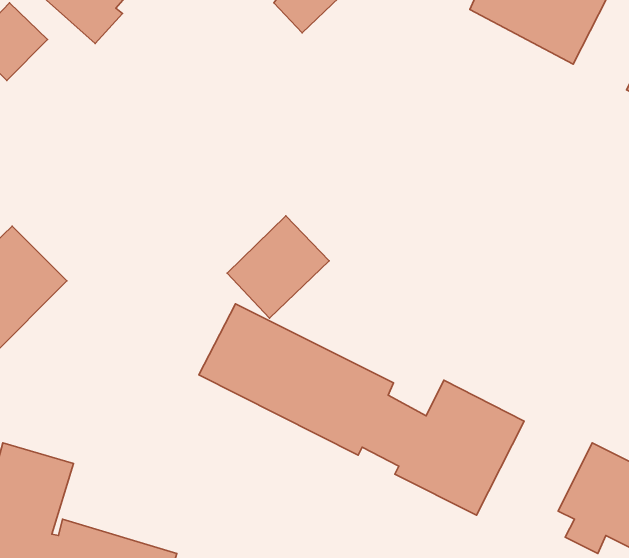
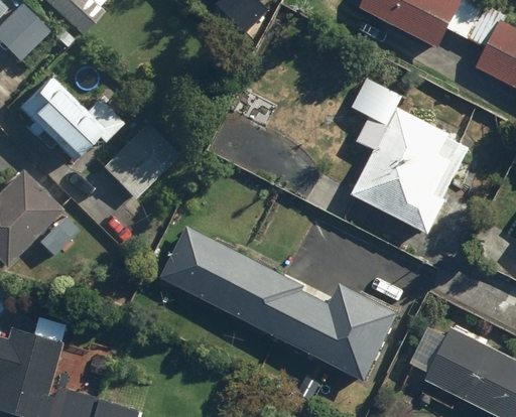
building: none -> [17,76,121,160]
building: none -> [353,87,455,235]
building: [227,216,329,318] -> [103,121,178,196]

